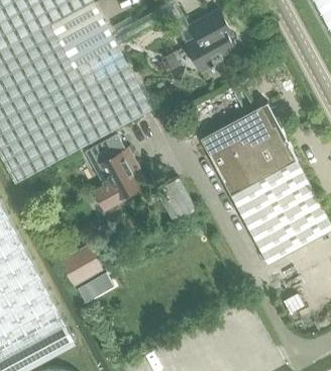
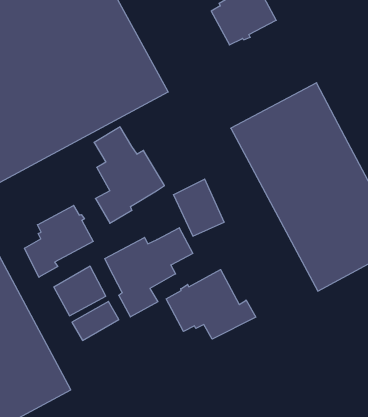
building: none -> [25,205,93,277]
building: none -> [105,228,193,317]
building: none -> [166,270,256,339]

